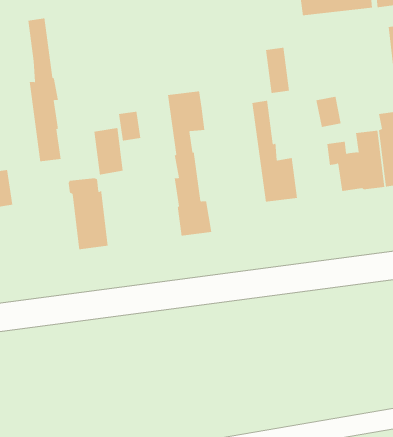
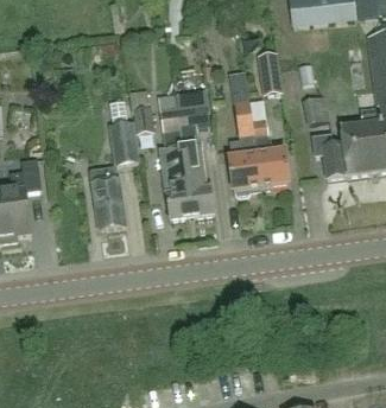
building: [27,18,61,162] -> [158,93,188,218]
building: none -> [228,98,261,195]

